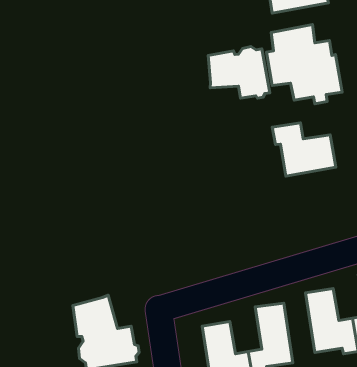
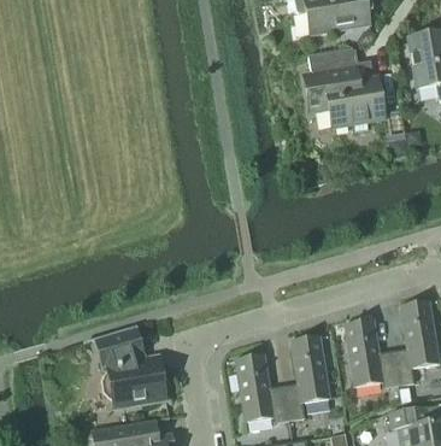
building: [208,46,270,98] -> none
building: [272,123,336,176] -> none

